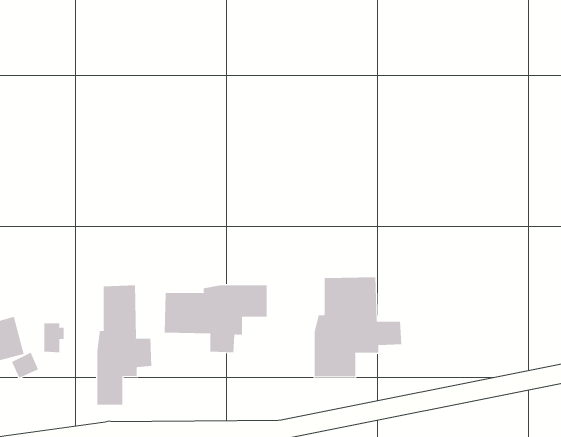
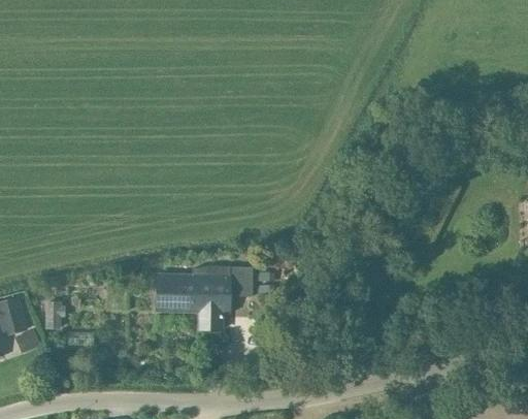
building: [314,277,402,377] -> none
building: [97,284,152,406] -> none

